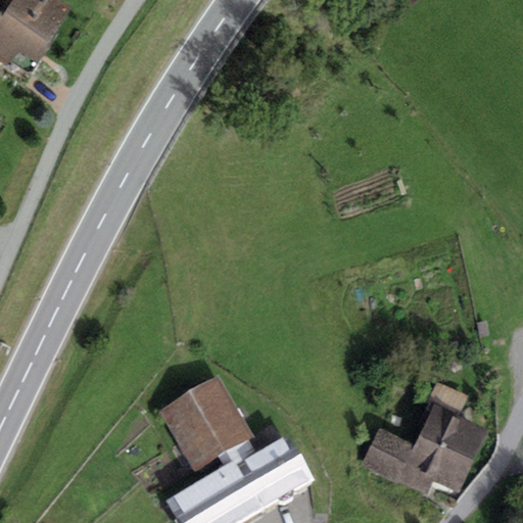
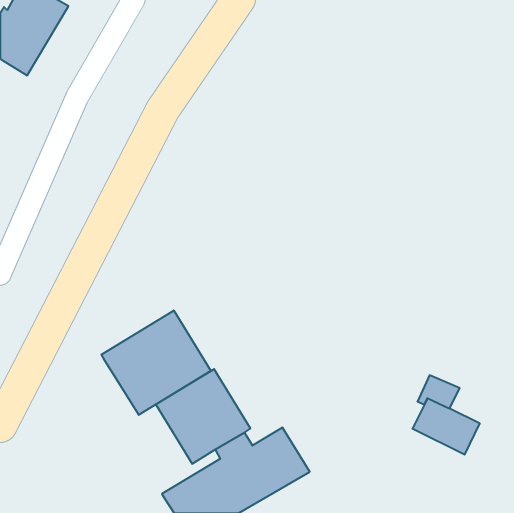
building: none -> [101,310,211,415]
building: [360,427,472,498] -> none

